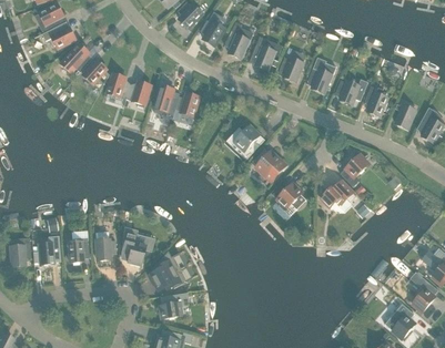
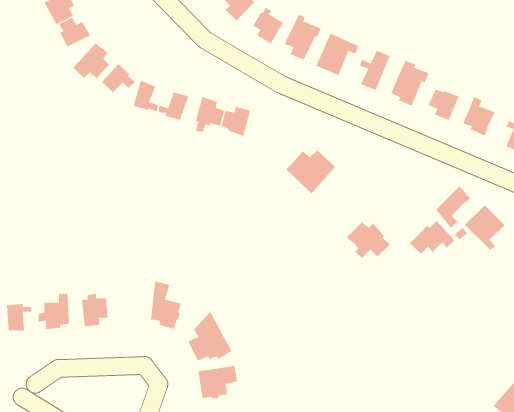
building: [254,147,285,181] -> none
building: none -> [464,205,505,251]
building: [94,231,115,260] -> none

